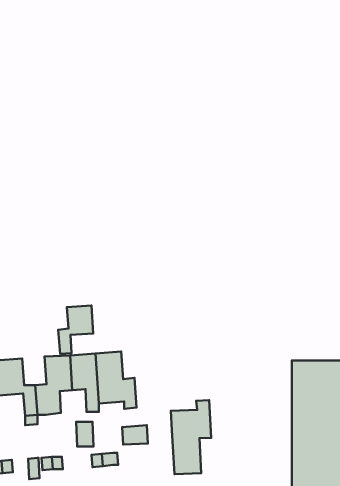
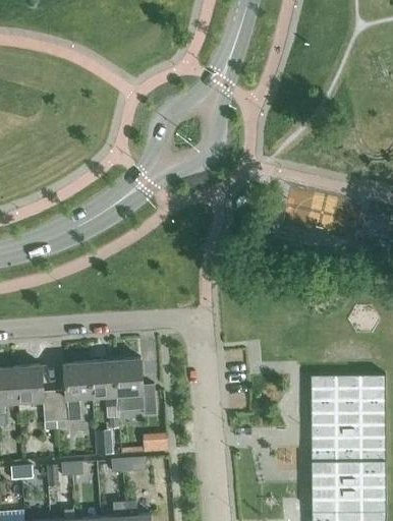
building: [58,305,93,354] -> none
building: [171,400,211,474] -> none

